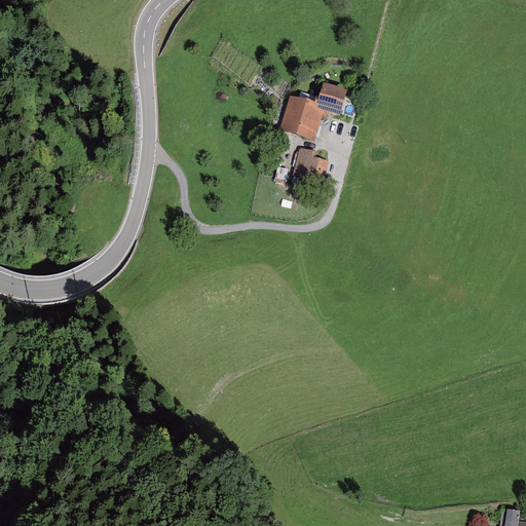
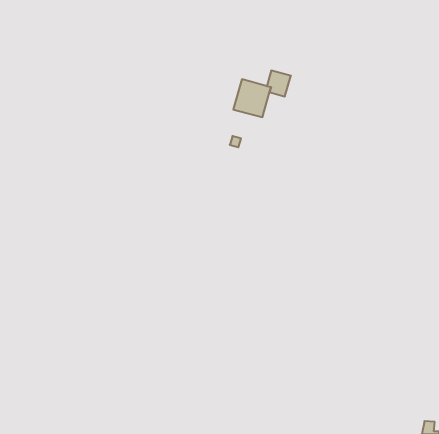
building: [291,145,328,181] -> none

